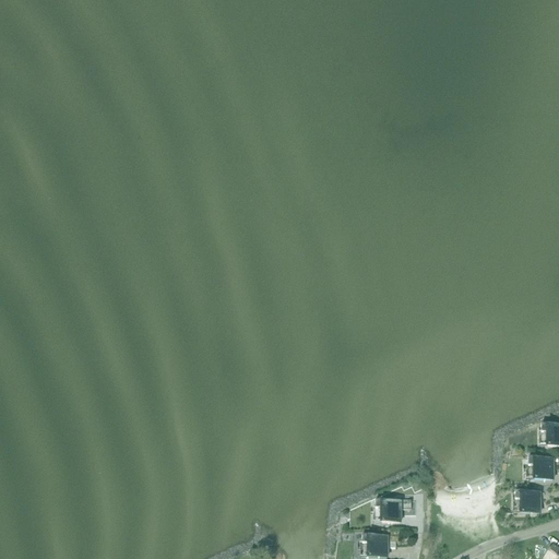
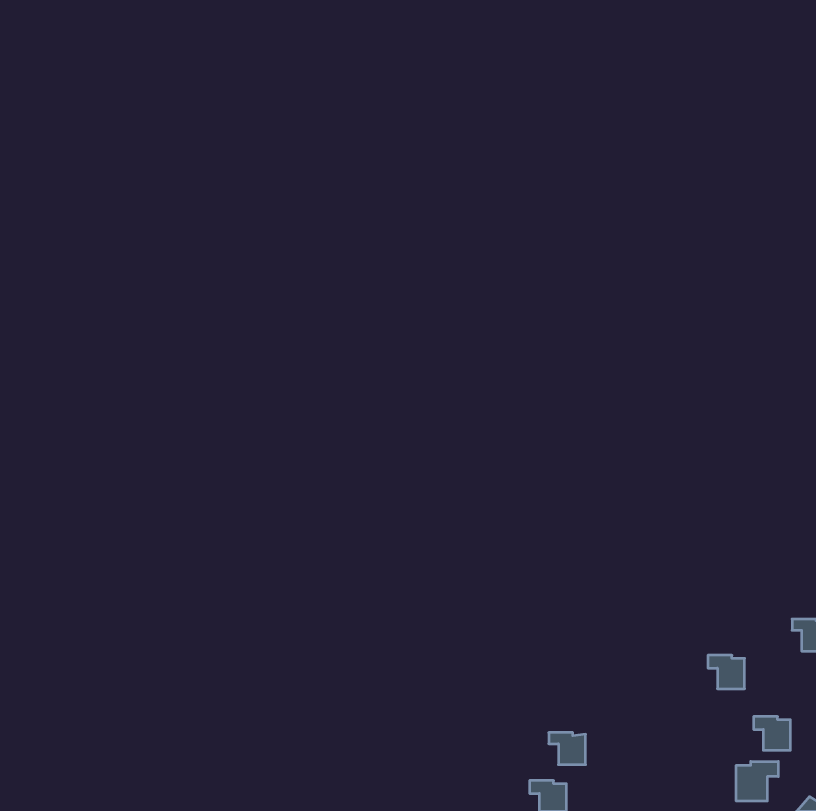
building: [528,455,554,478] -> [708,655,745,689]
building: none -> [736,761,778,801]

